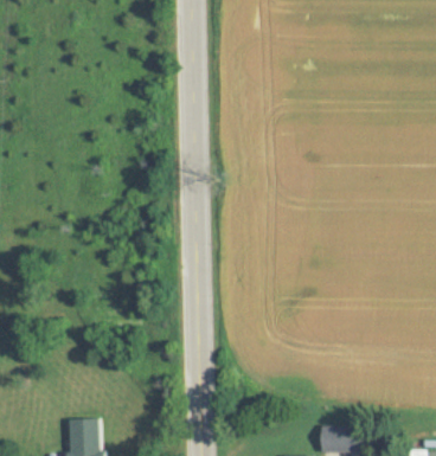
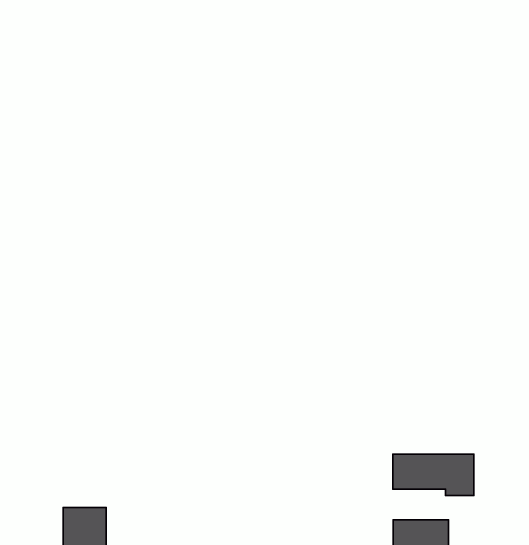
building: none -> [393,454,474,496]

